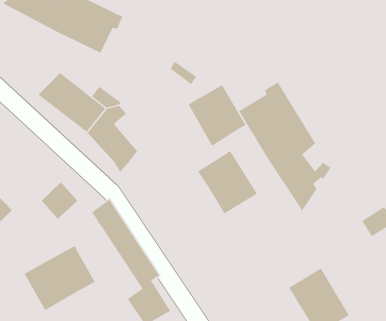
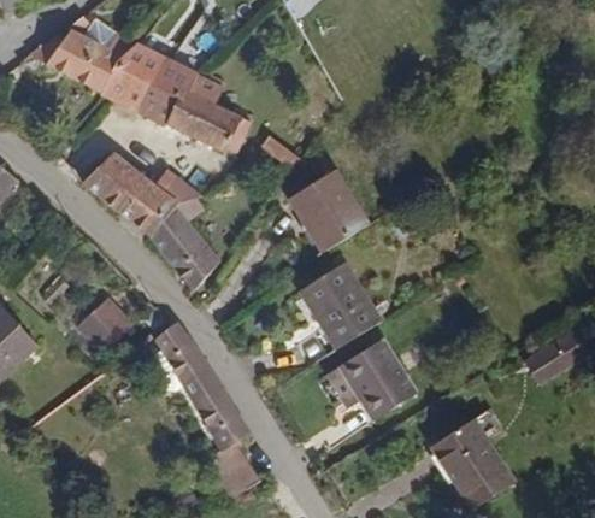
building: none -> [165,71,251,152]
building: [238,81,332,212] -> none
building: none -> [340,335,419,418]
building: [23,245,96,311] -> none

